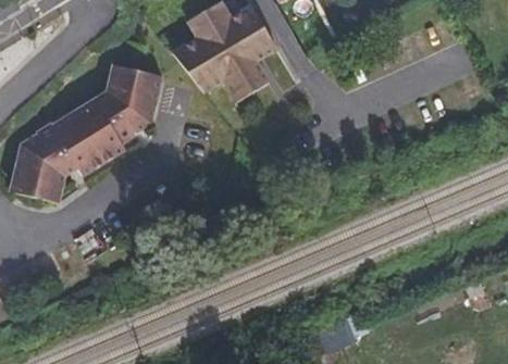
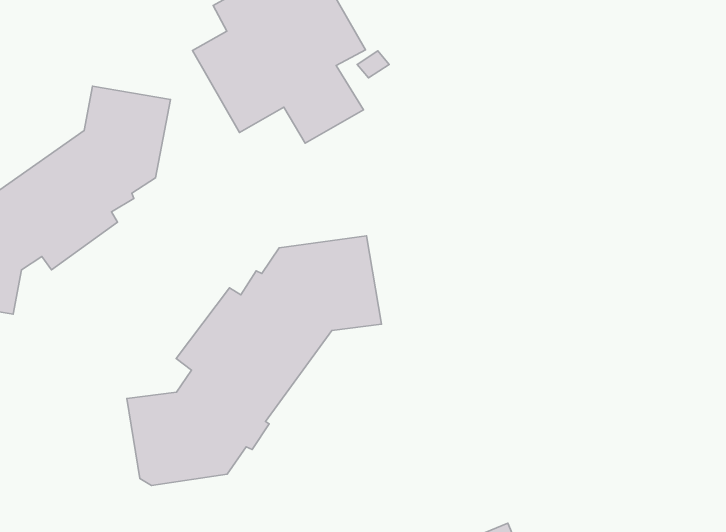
building: none -> [127,236,381,486]

